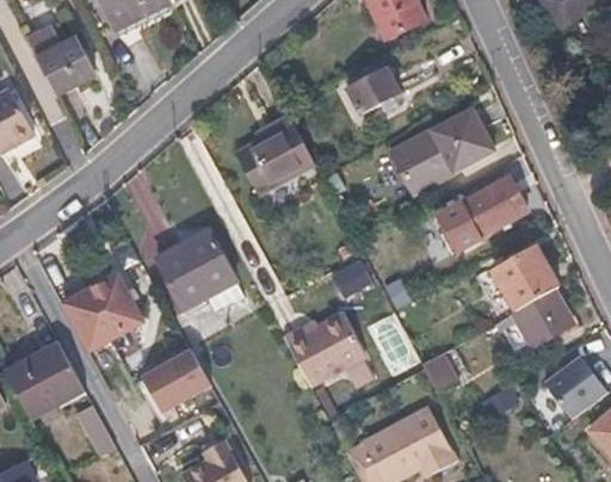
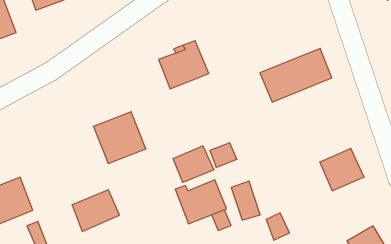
building: [344,58,396,111] -> none
building: [437,177,526,248] -> none
building: none -> [173,146,214,182]
building: [64,274,142,351] -> none
building: [511,289,573,347] -> none

